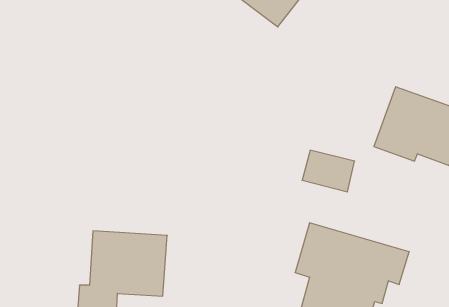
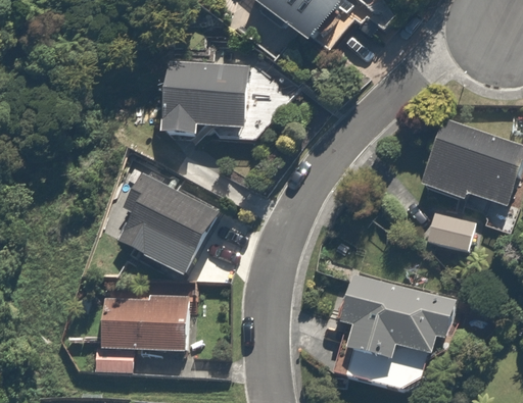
building: none -> [159,59,246,138]
building: none -> [116,170,221,270]
building: [302,150,355,192] -> [422,208,481,255]

